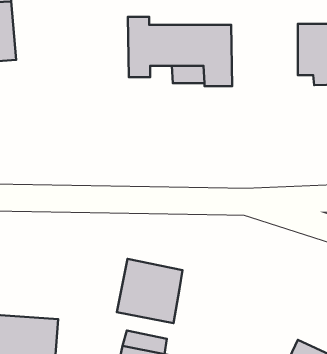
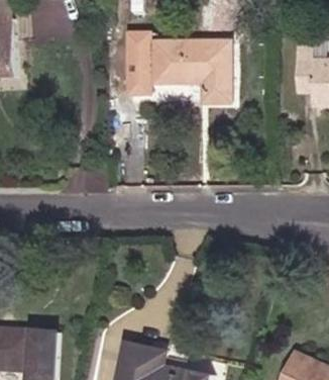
building: [117,259,182,323] -> none

